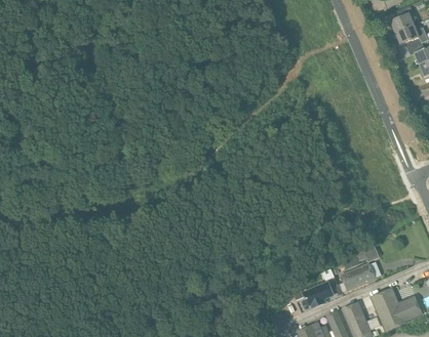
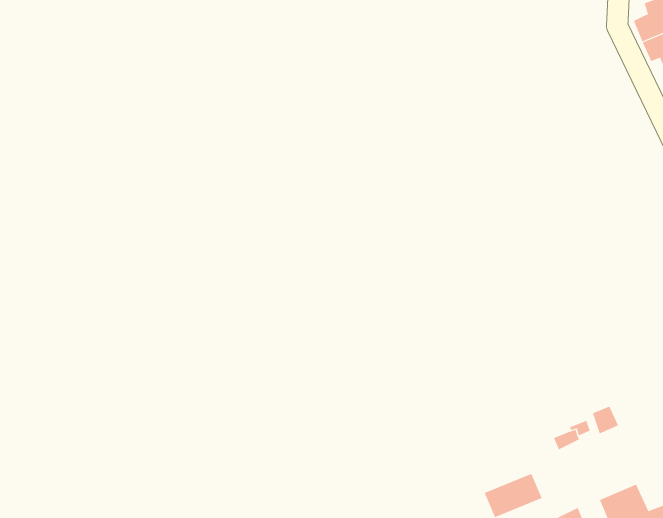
building: [343,261,377,287] -> none

